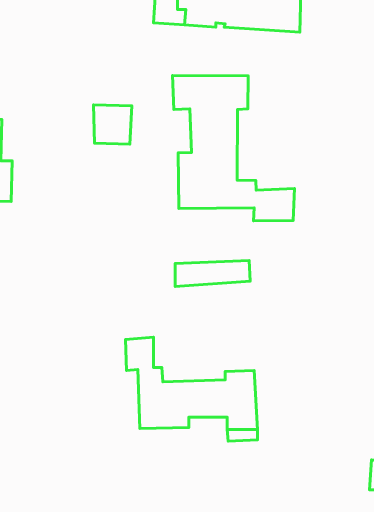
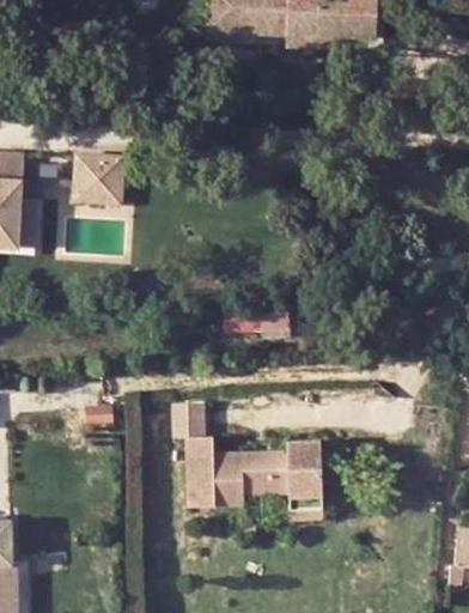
building: [173,75,295,221] -> none
building: [94,105,132,144] -> [65,159,109,205]

